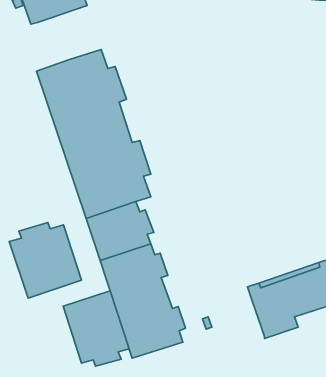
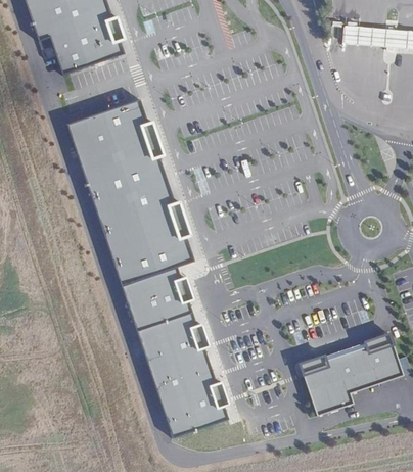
building: [9,223,81,298] -> none
building: [63,291,129,366] -> none

